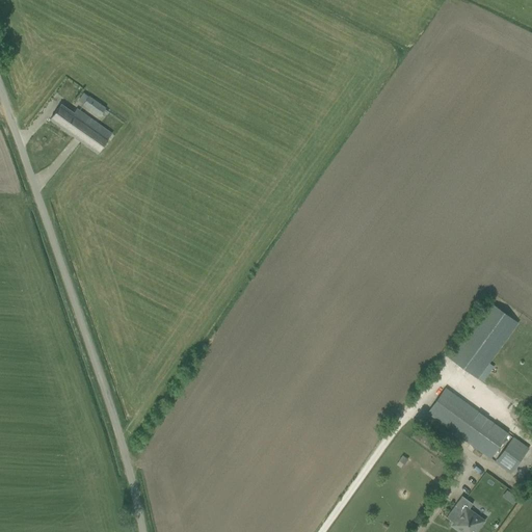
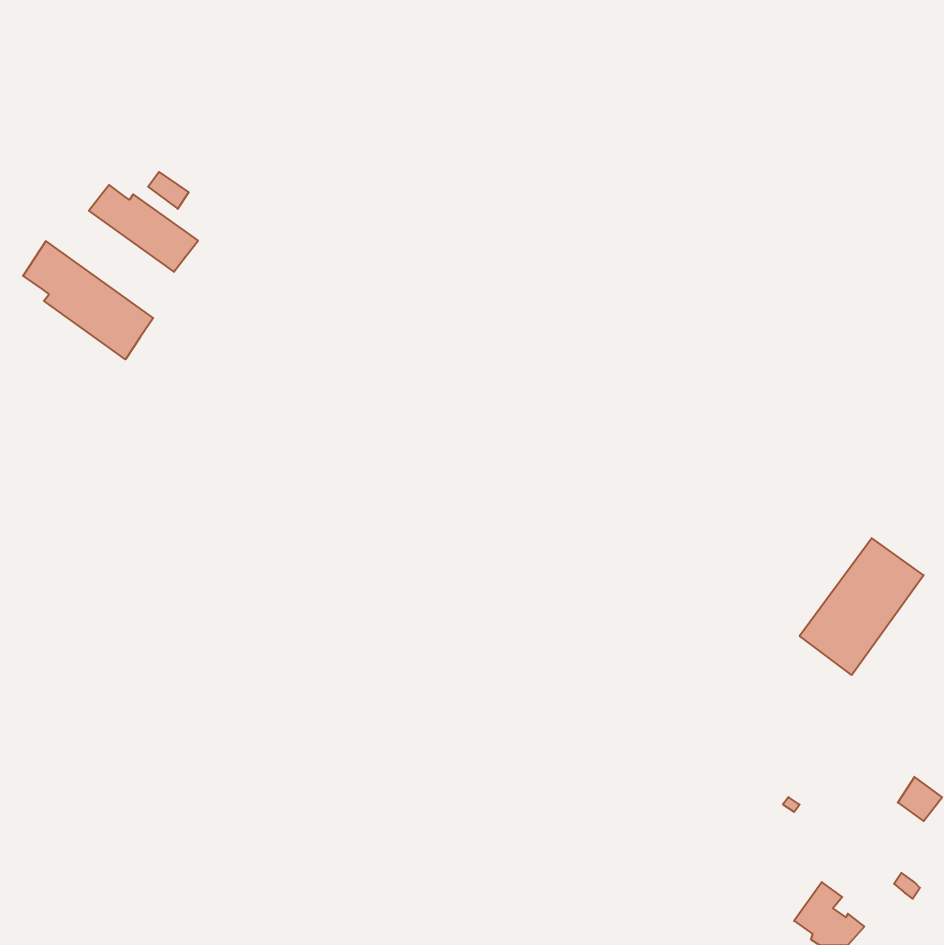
building: none -> [23,241,153,359]
building: [428,388,509,458] -> none

